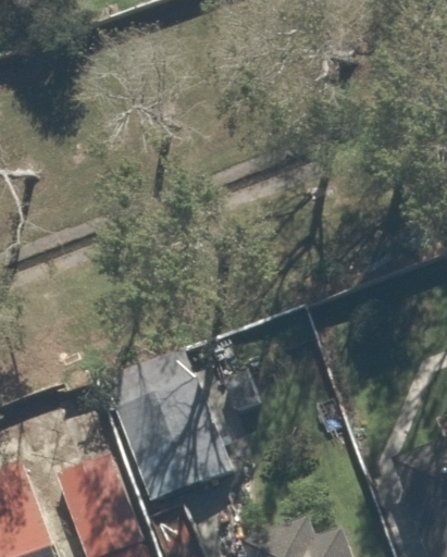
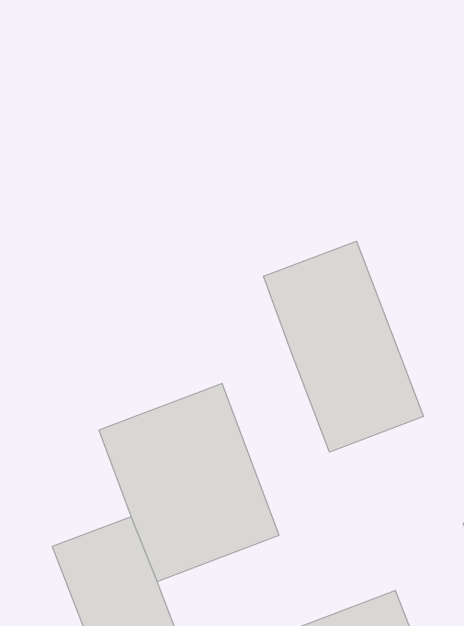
building: none -> [264,241,423,452]

